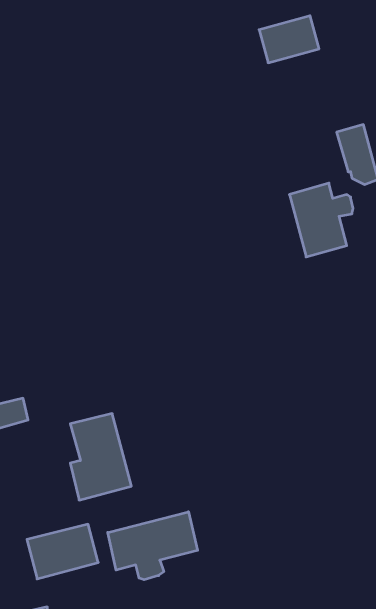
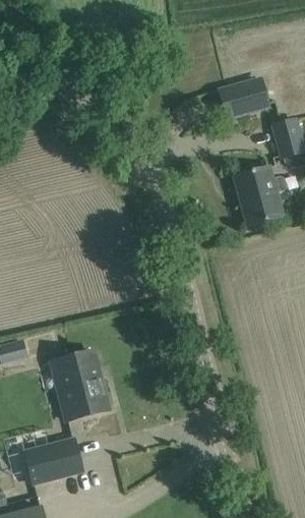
building: [259,16,319,63] -> [221,79,268,117]
building: [108,512,198,580] -> none

